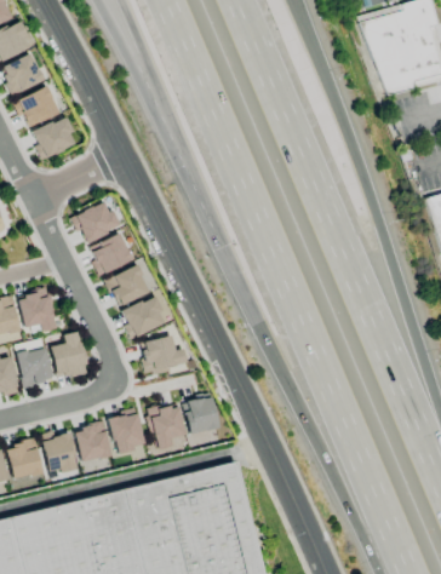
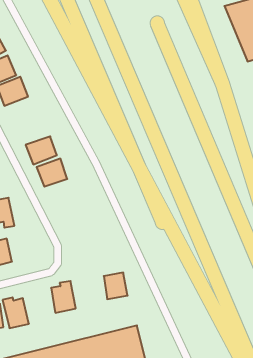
building: [108,265,150,306] -> none
building: [121,297,168,339] -> none
building: [53,332,88,378] -> none
building: [141,335,189,374] -> none
building: [148,404,187,450] -> none
building: [76,424,111,461] -> none

